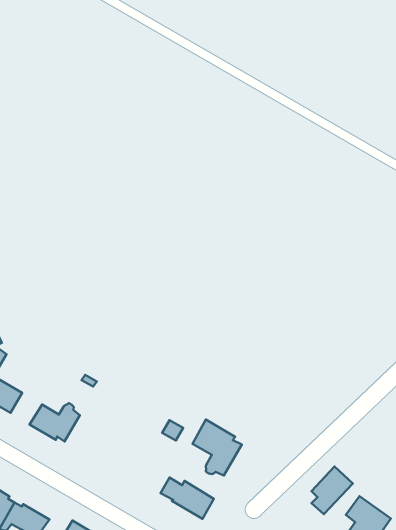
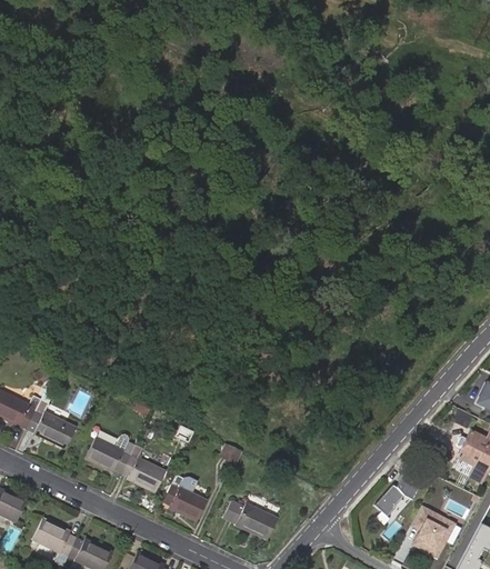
building: none -> [122,445,166,492]
building: [193,419,242,475] -> none
building: none -> [163,466,208,521]

